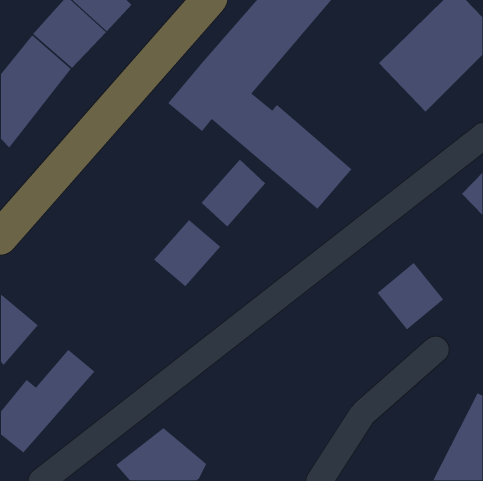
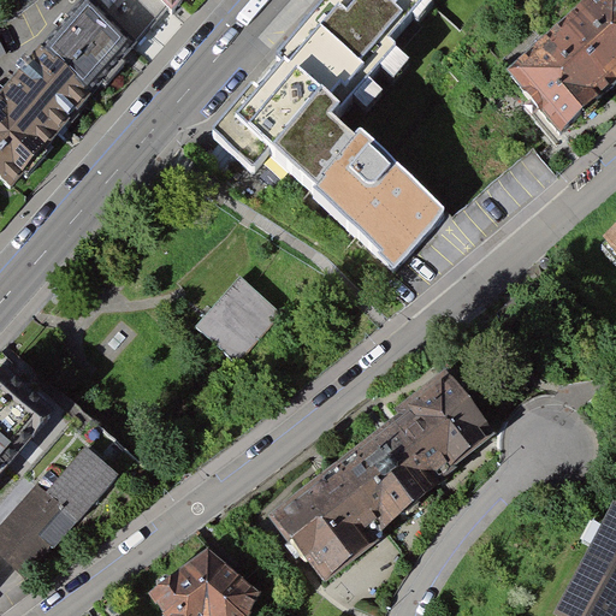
building: [201,159,266,227] -> none
building: [376,262,444,331] -> none
building: none -> [271,368,498,581]

